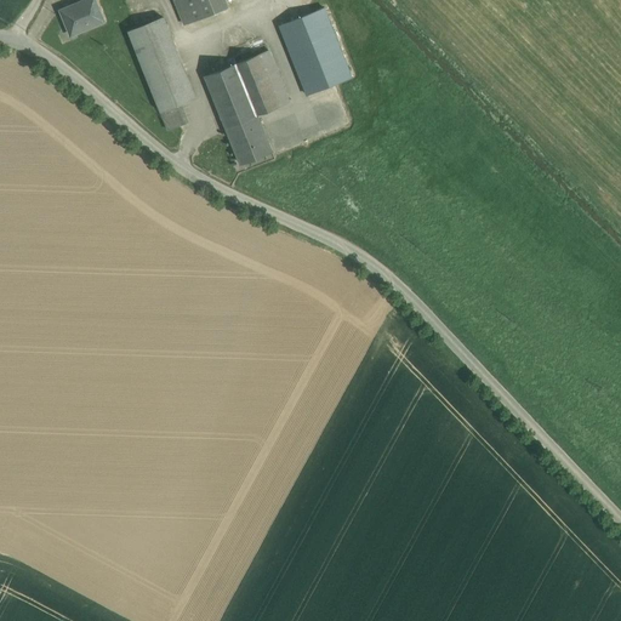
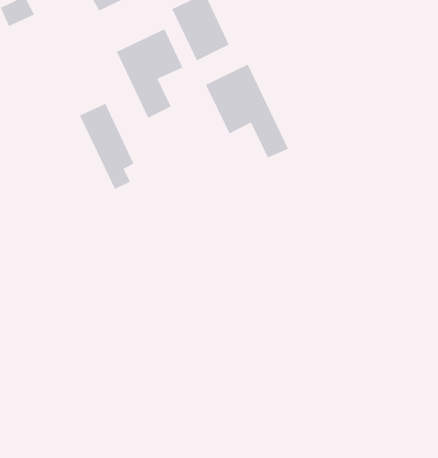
building: [127,17,194,129] -> [79,103,135,190]
building: none -> [205,64,289,159]

